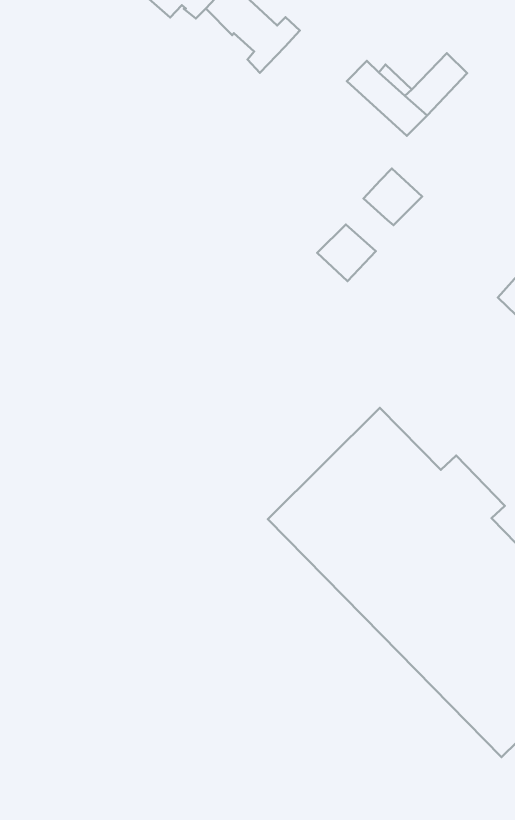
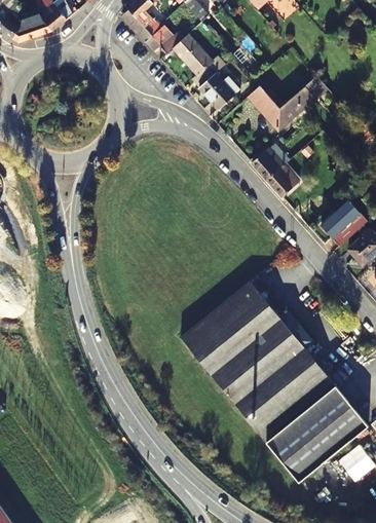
building: none -> [199,73,239,109]
building: [317,225,376,281] -> [266,164,299,196]

